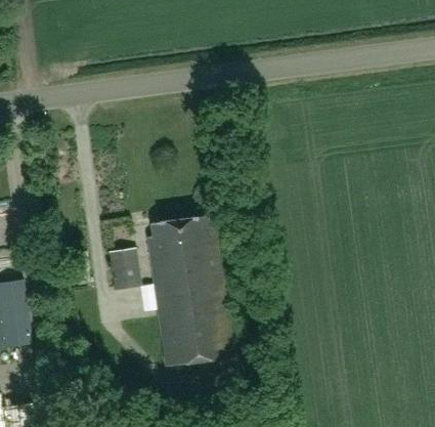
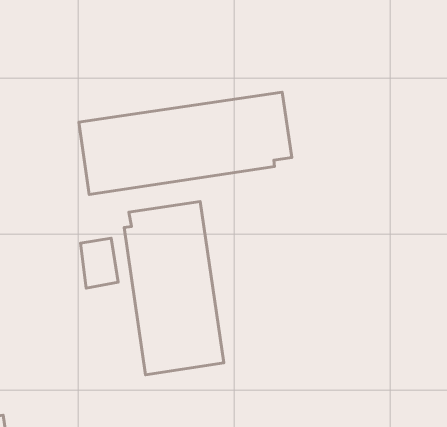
building: none -> [79,92,292,194]

